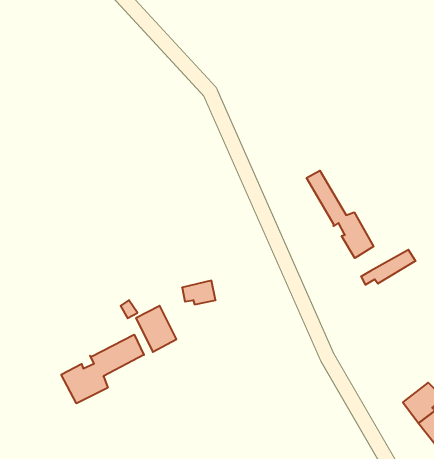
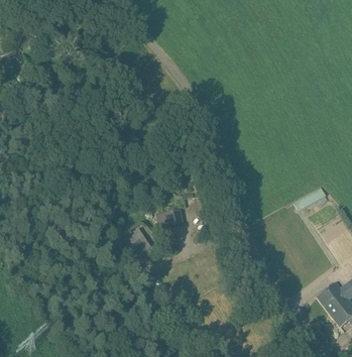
building: [307,171,374,258] -> none
building: [61,335,144,403] -> none

